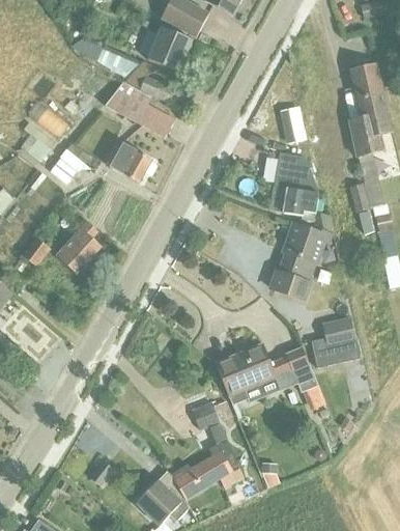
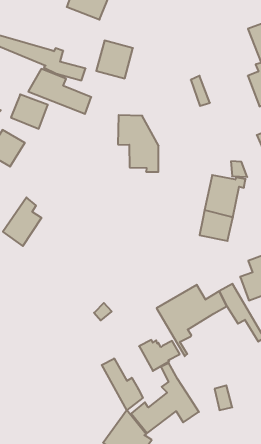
building: [147,27,191,72] -> [96,41,133,78]
building: [109,143,151,184] -> [11,94,48,129]
building: [273,153,317,222] -> [118,115,159,172]
building: none -> [102,358,143,410]

